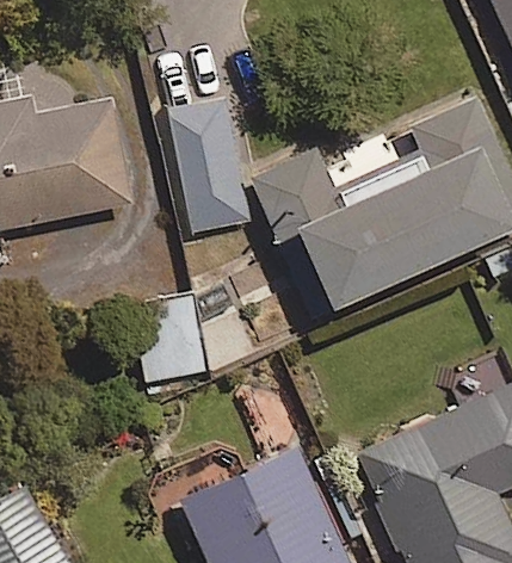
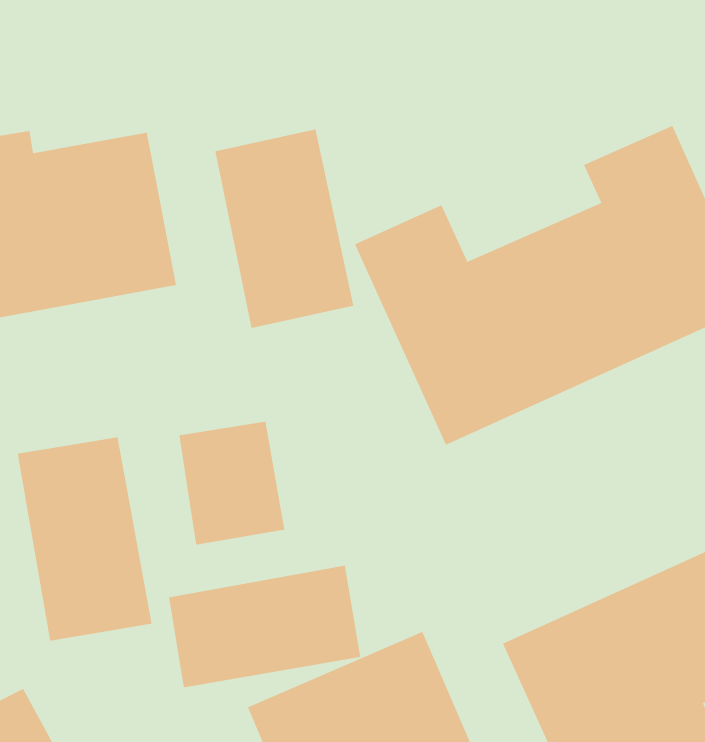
building: none -> [17,436,152,642]
building: none -> [168,565,361,688]

